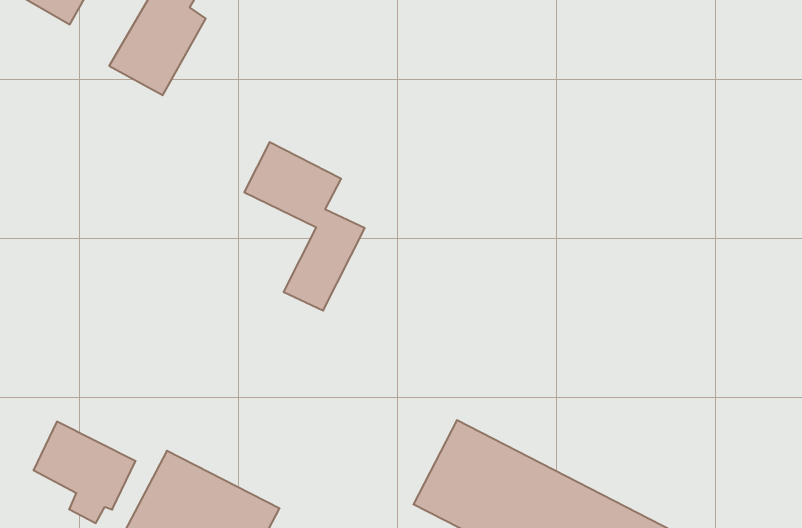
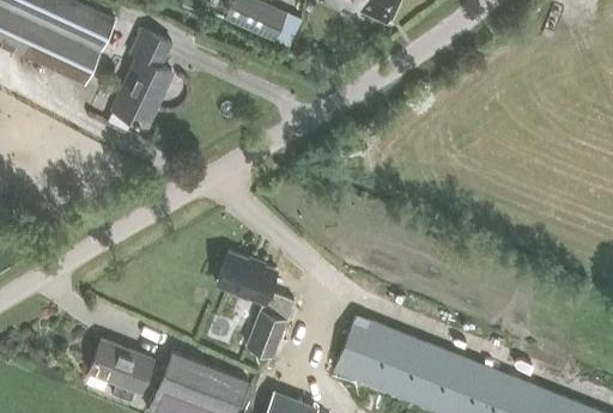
building: [244,142,365,311] -> [216,251,295,356]

